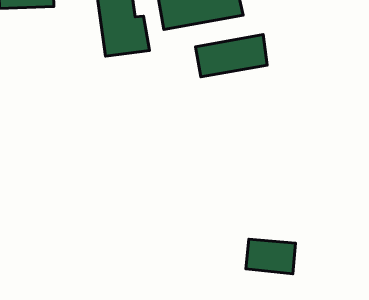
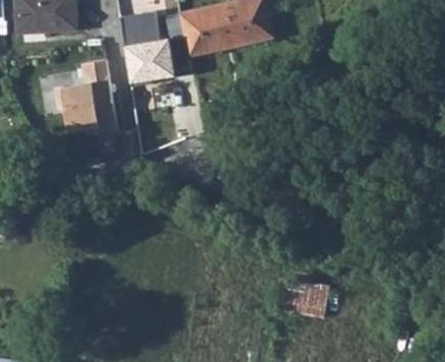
building: [195,35,267,77] -> none
building: none -> [52,60,113,135]

